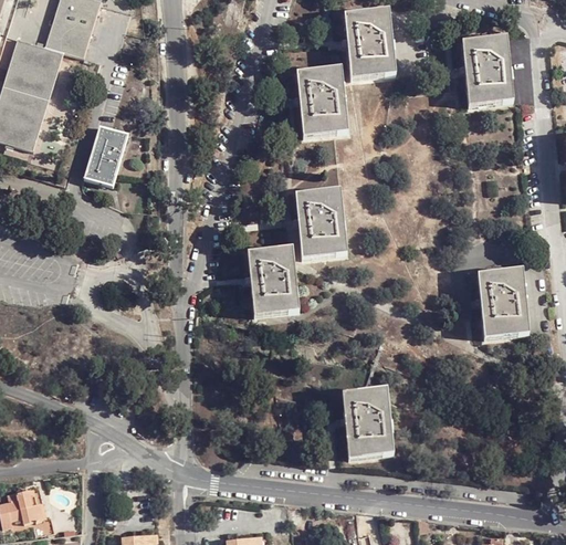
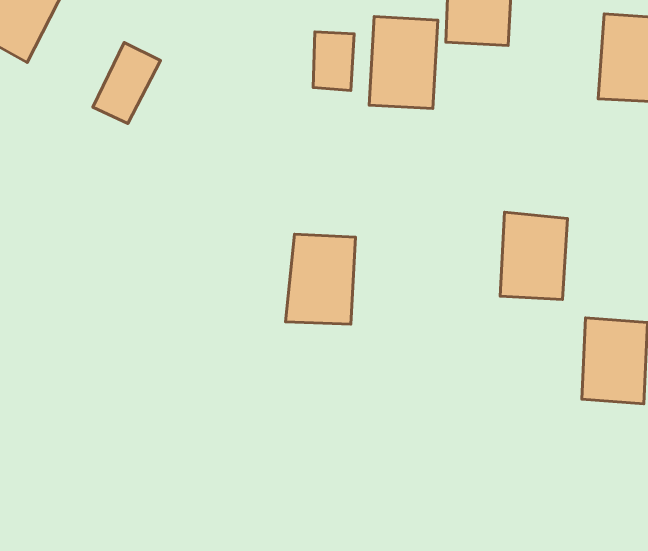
building: none -> [313,32,354,90]
building: [301,190,356,258] -> [500,212,568,300]
building: [348,385,402,455] -> none

